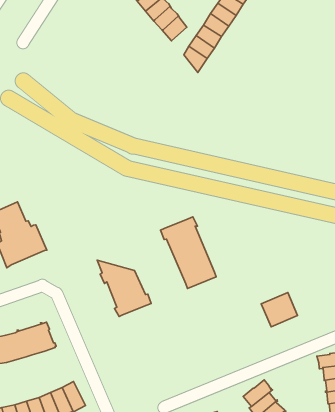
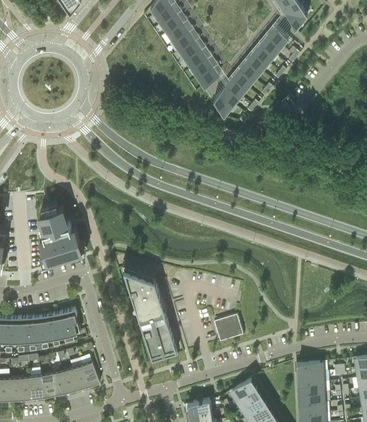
building: [161,217,216,288] -> [135,304,177,363]
building: [261,292,297,327] -> [213,315,242,342]

